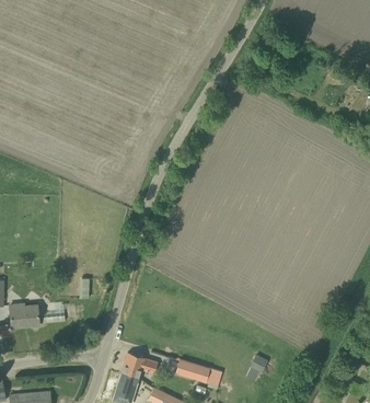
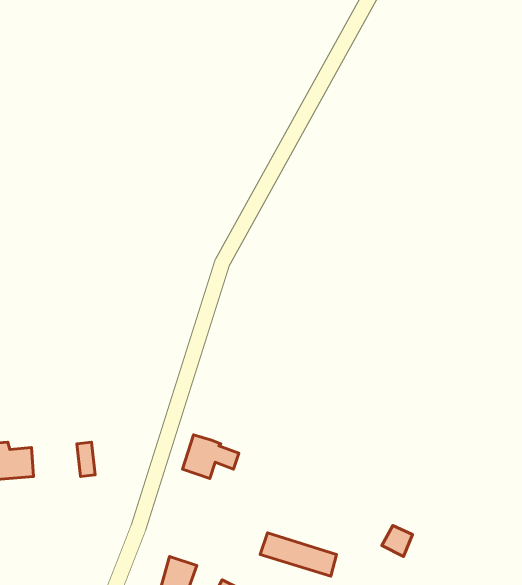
building: [122,353,155,379] -> [183,435,239,478]

